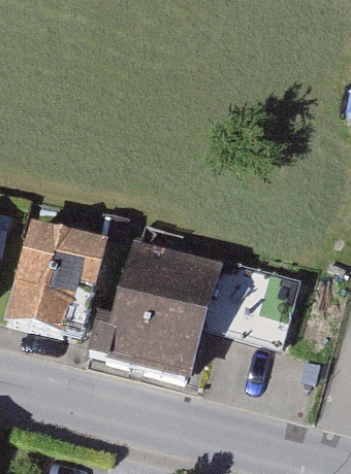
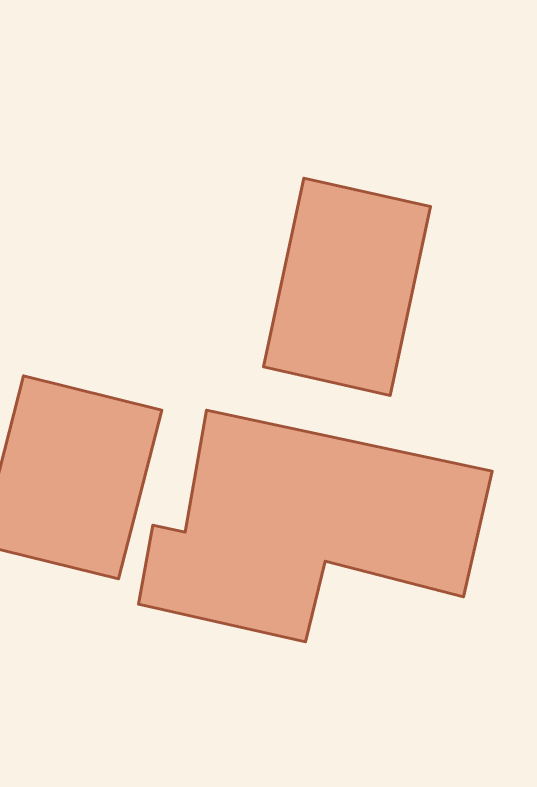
building: none -> [264,178,430,395]

